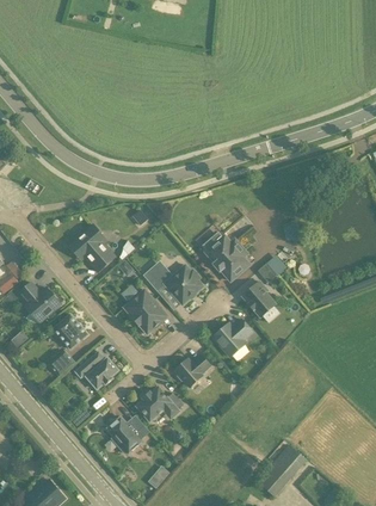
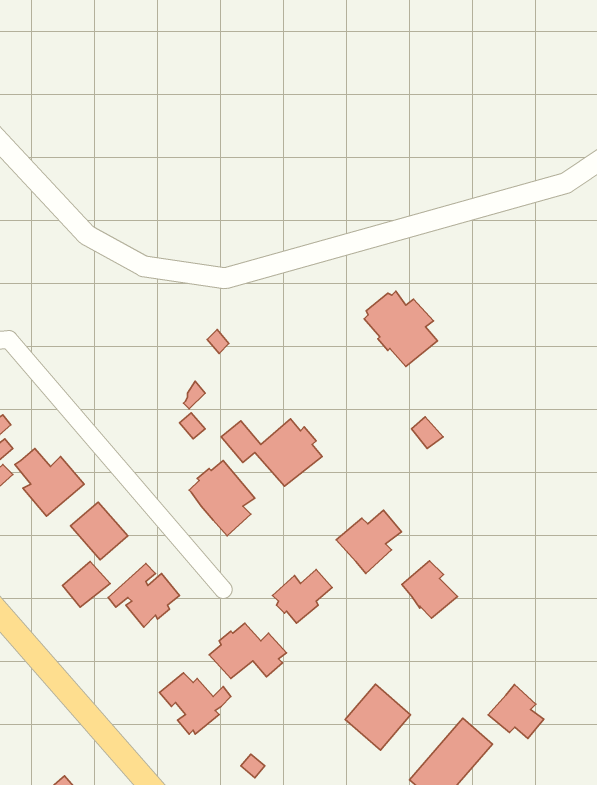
building: [68,224,115,271] -> none
building: [205,235,249,280] -> [364,291,437,367]
building: [242,282,276,316] -> [402,561,457,618]
building: none -> [345,684,411,750]
building: none -> [488,685,544,739]

